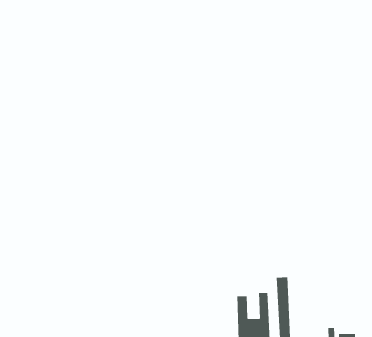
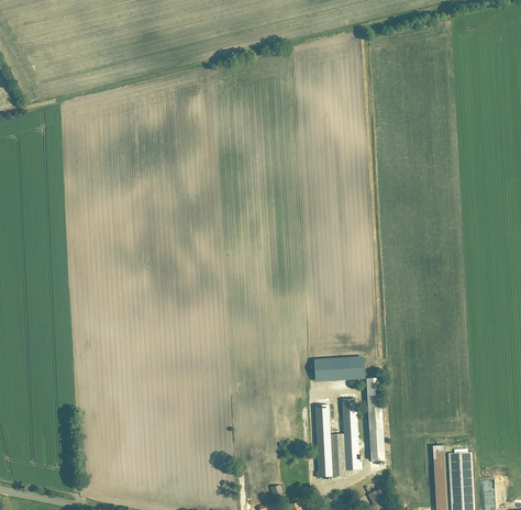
building: none -> [311,357,362,379]

